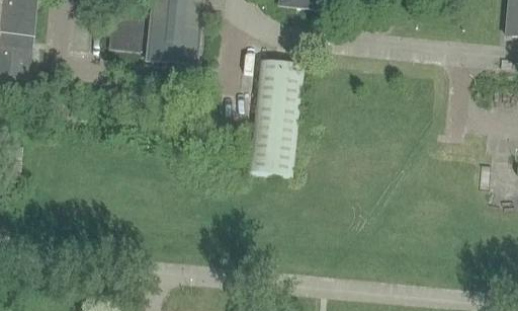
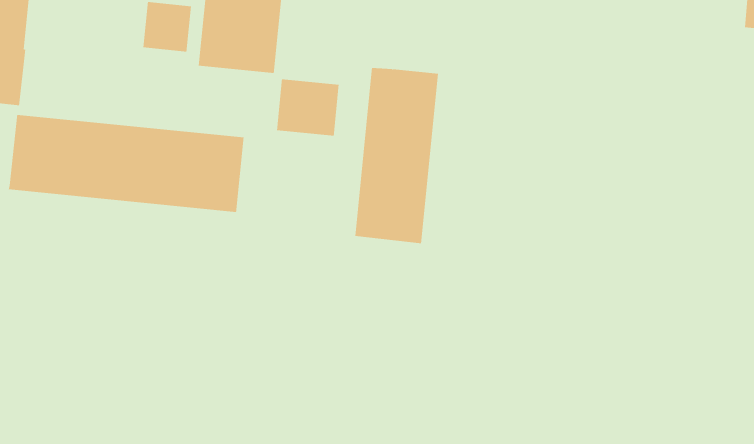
building: none -> [277,79,339,137]
building: none -> [8,114,244,213]

